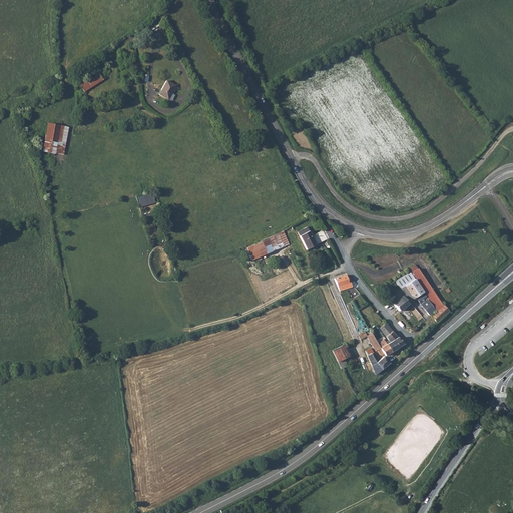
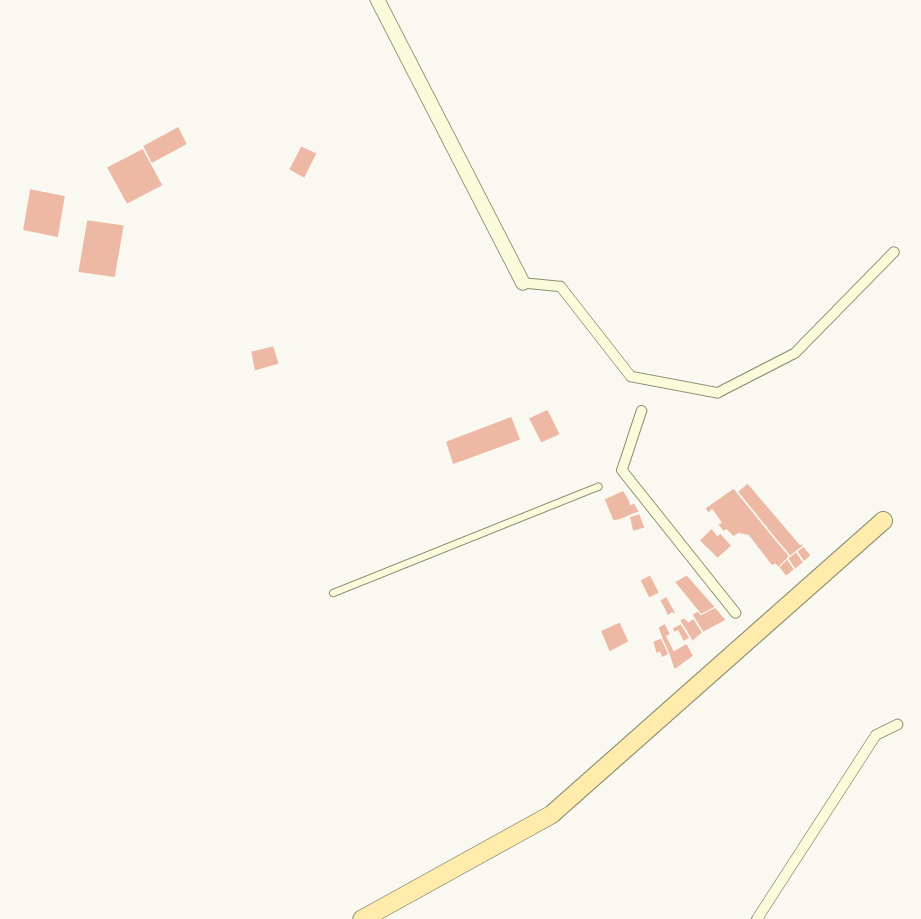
building: none -> [106,148,163,205]
building: none -> [23,189,65,238]

